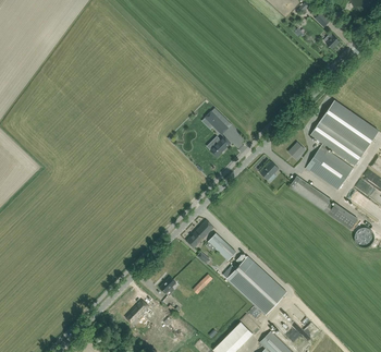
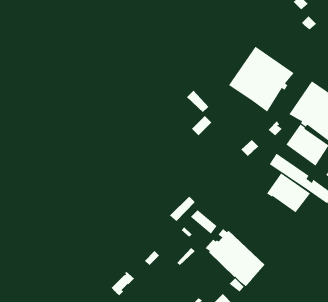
building: none -> [228,46,295,112]
building: none -> [266,173,311,213]

